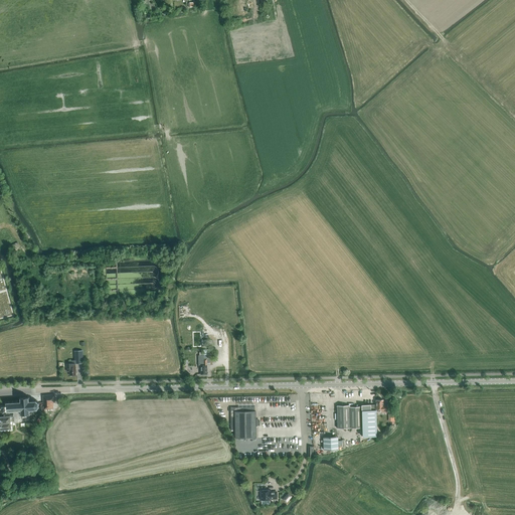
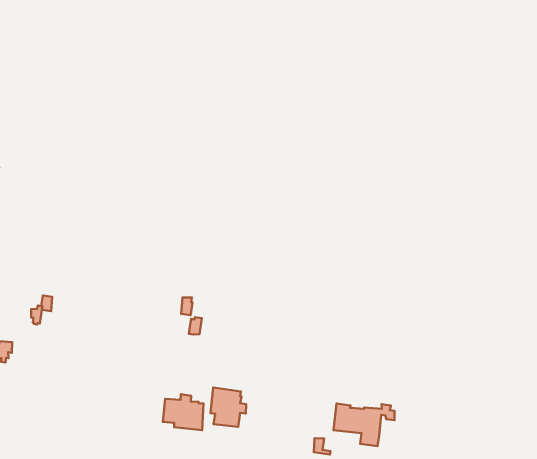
building: none -> [163,394,204,430]

